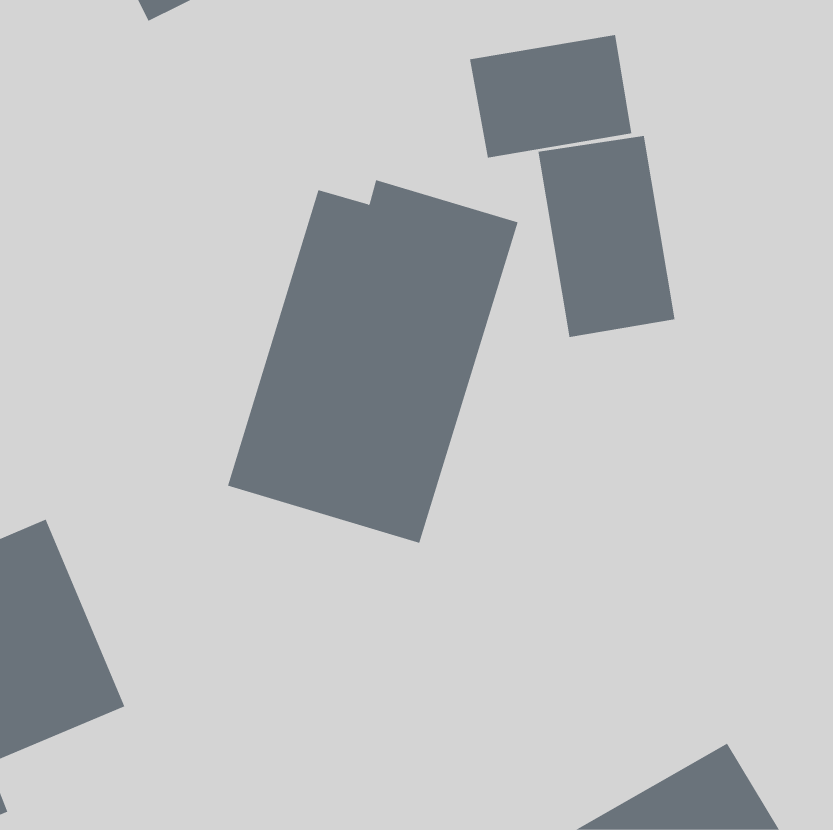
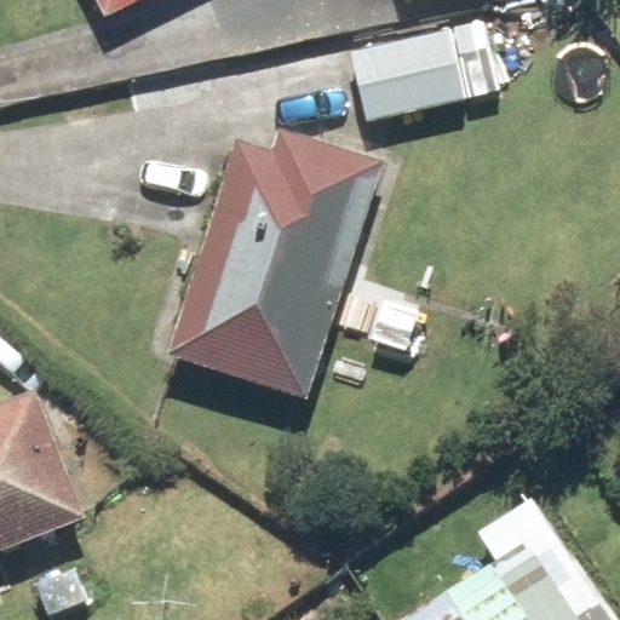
building: [538,135,675,338] -> none

